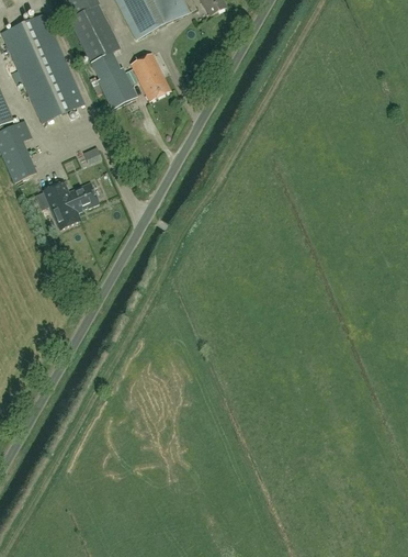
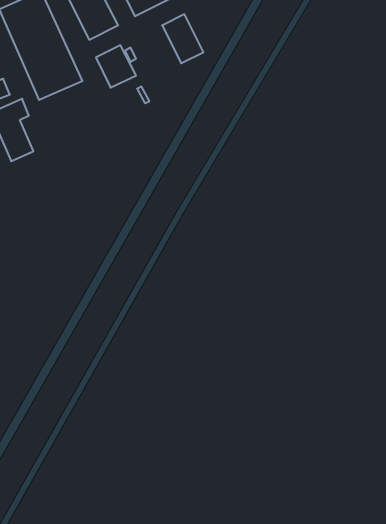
building: [129,52,170,100] -> [162,14,203,63]
building: [43,181,98,229] -> none

